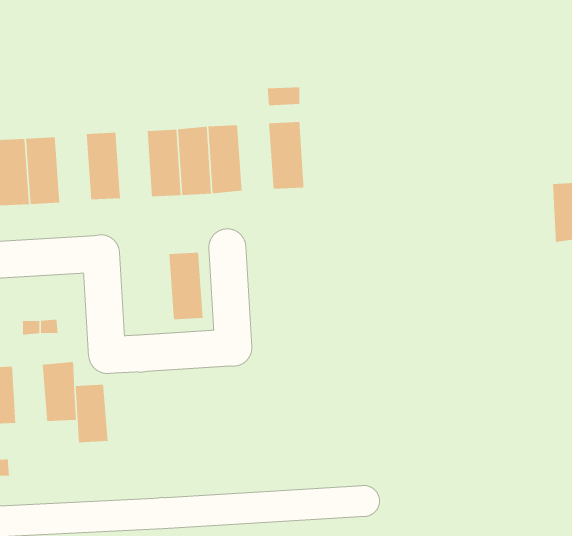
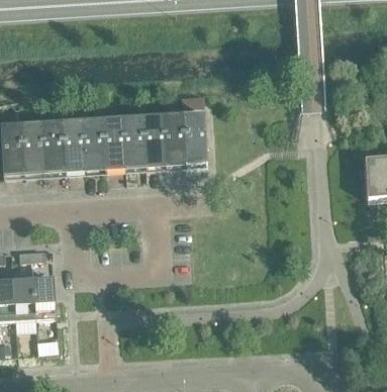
building: none -> [162,116,185,162]
building: none -> [40,123,64,170]
building: [169,252,204,320] -> [81,121,104,167]
building: [75,384,108,443] -> [12,277,34,316]

